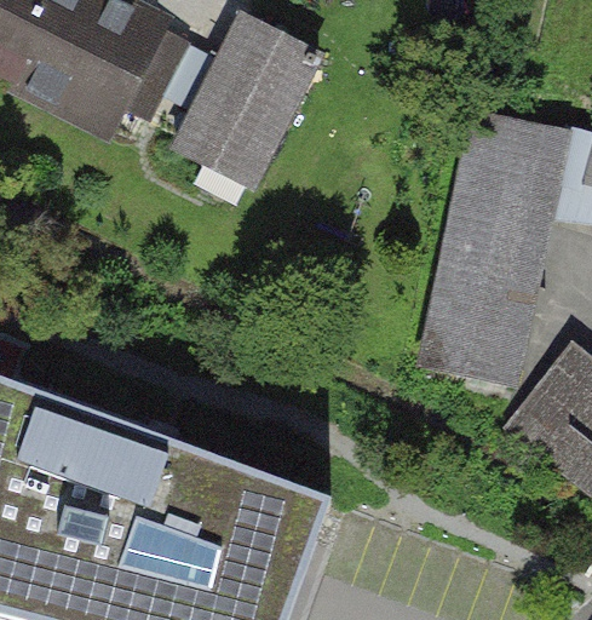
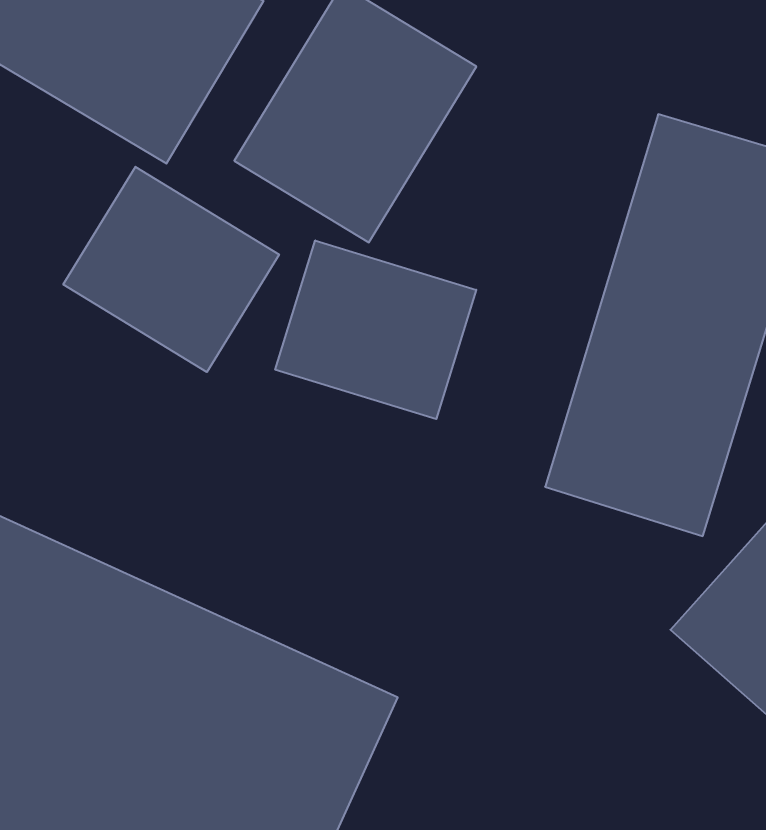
building: none -> [63,167,279,372]
building: none -> [275,240,476,419]

